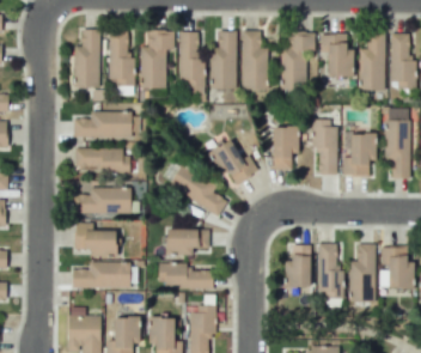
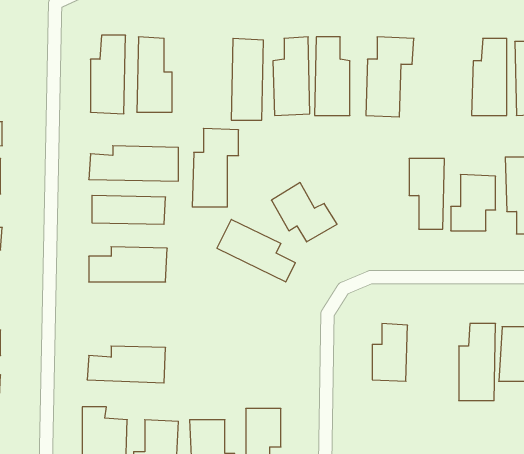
building: [139,29,173,87] -> [192,128,239,207]
building: [319,34,353,75] -> none
building: [273,127,298,169] -> none
building: [74,221,116,256] -> none
building: [165,229,208,255] -> none
building: [317,243,343,297] -> none
building: [159,262,213,290] -> none

